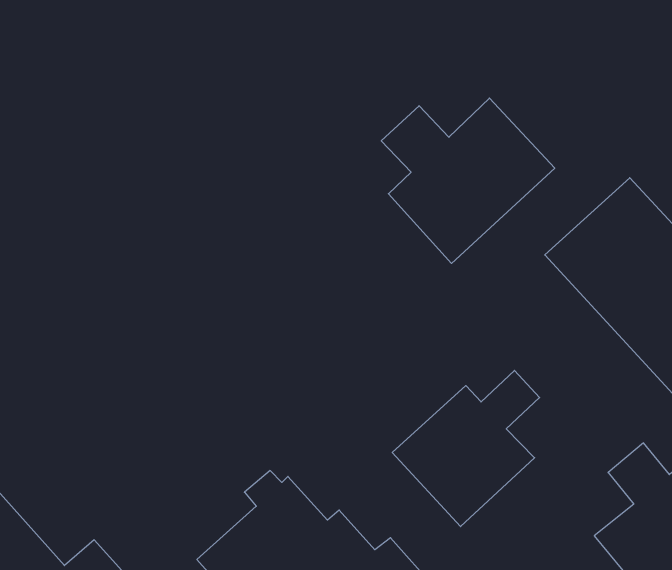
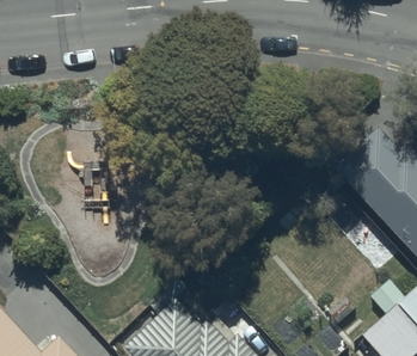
building: [381,98,555,263] -> none
building: [392,370,540,527] -> none

